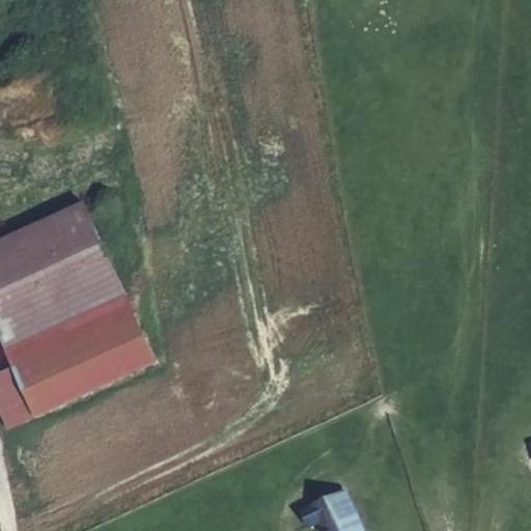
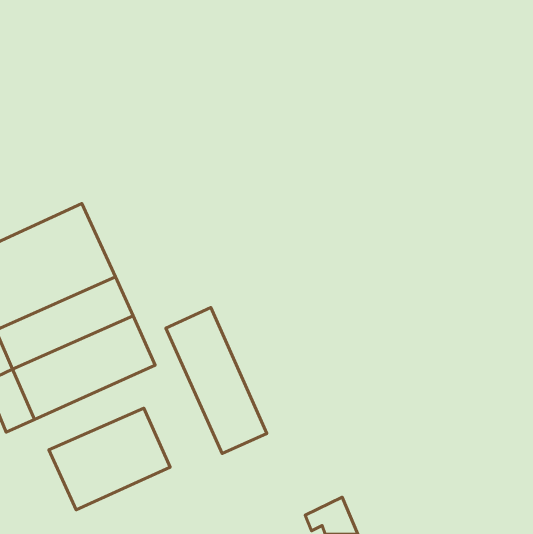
building: none -> [166,307,267,453]
building: none -> [49,408,170,510]

